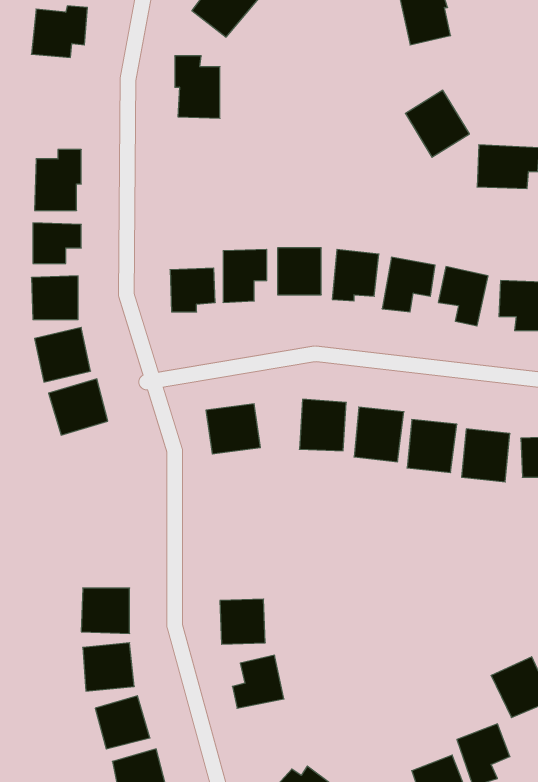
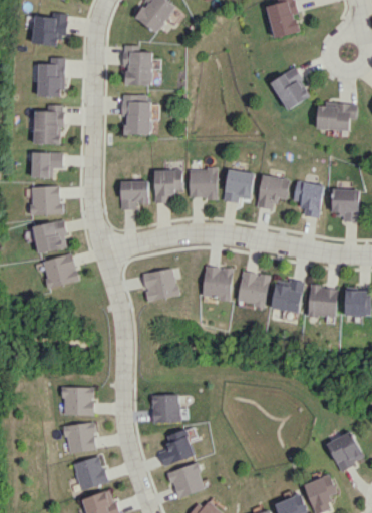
building: none -> [36,58,63,97]
building: none -> [122,94,150,134]
building: none -> [167,462,206,499]

